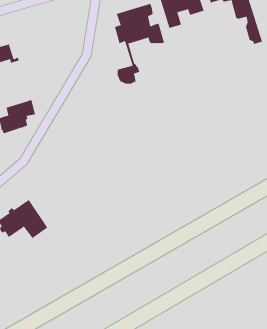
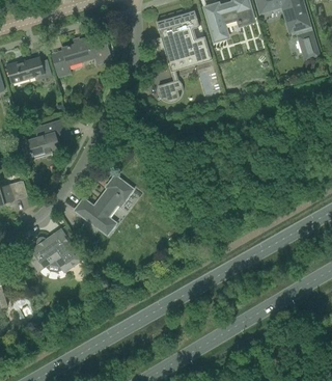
building: none -> [52,33,111,77]
building: none -> [75,174,133,235]

